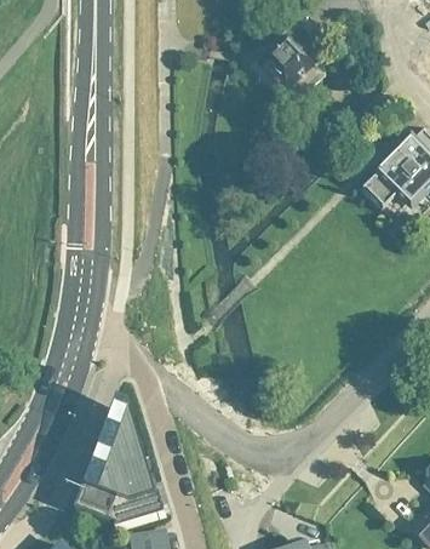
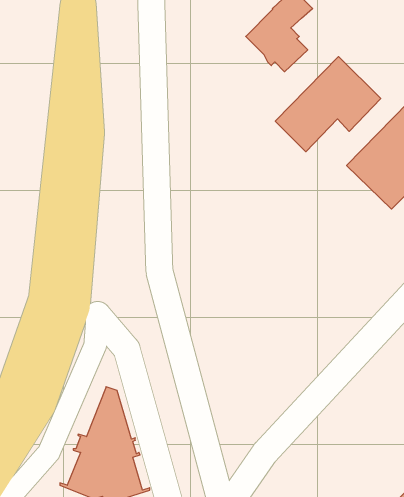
building: none -> [275,57,381,152]

